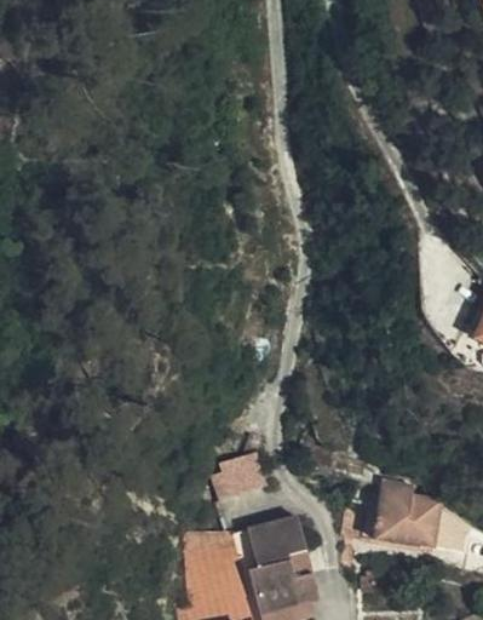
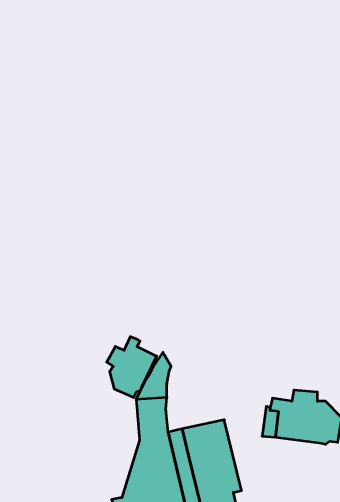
building: none -> [107,337,157,398]

